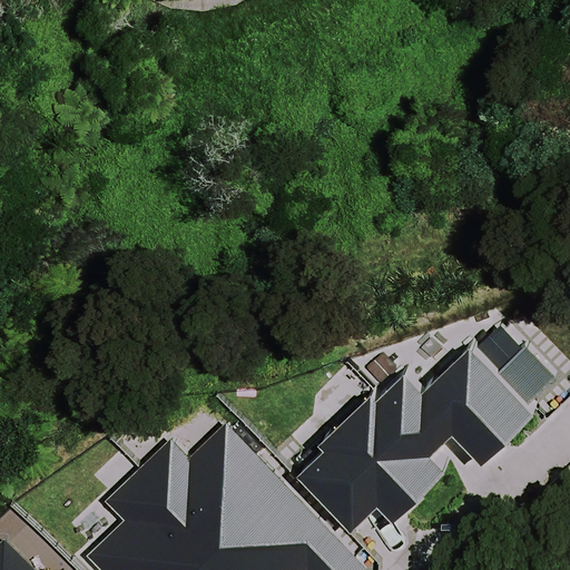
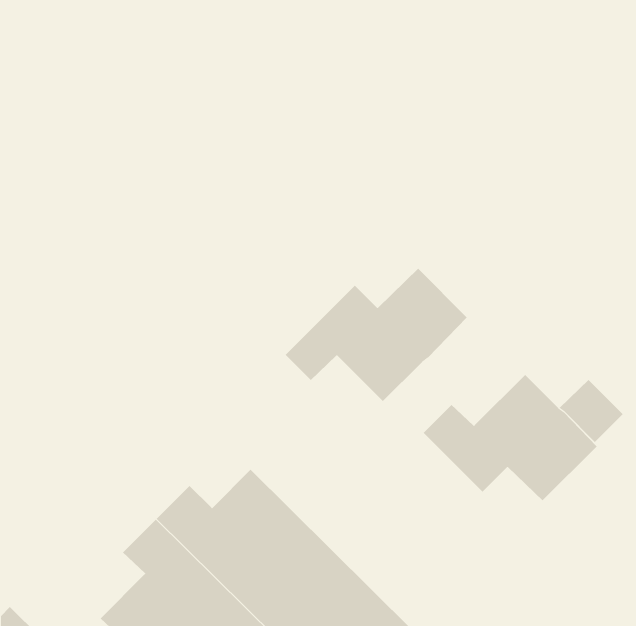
building: none -> [285,268,468,402]
building: [302,390,446,524] -> none

